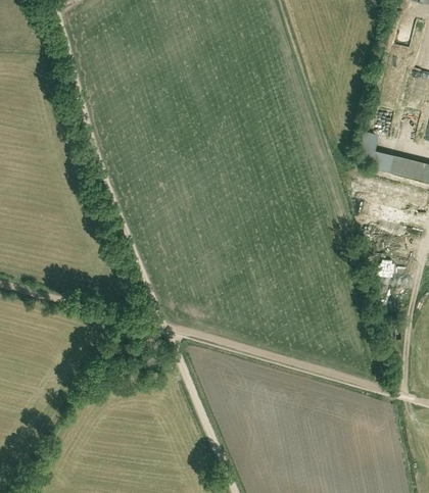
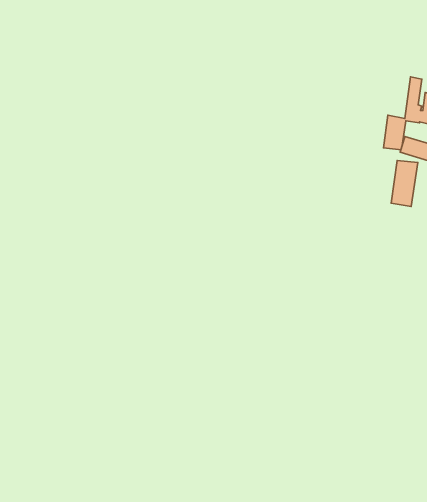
building: none -> [391,160,418,206]

